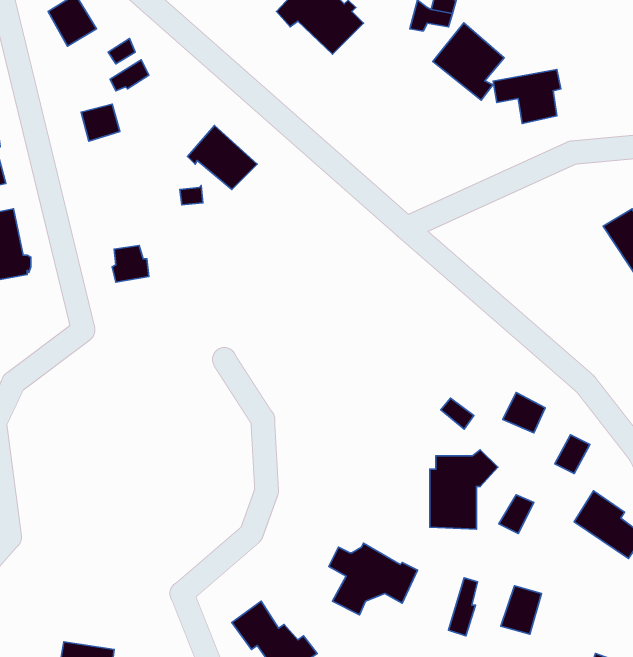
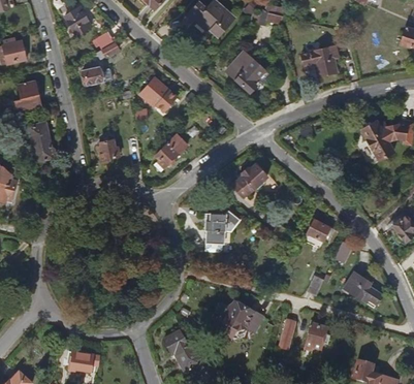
building: [433,23,504,100] -> [224,51,262,92]
building: none -> [154,133,185,167]
building: none -> [232,162,267,196]
building: [430,450,498,529] -> [208,206,244,249]

